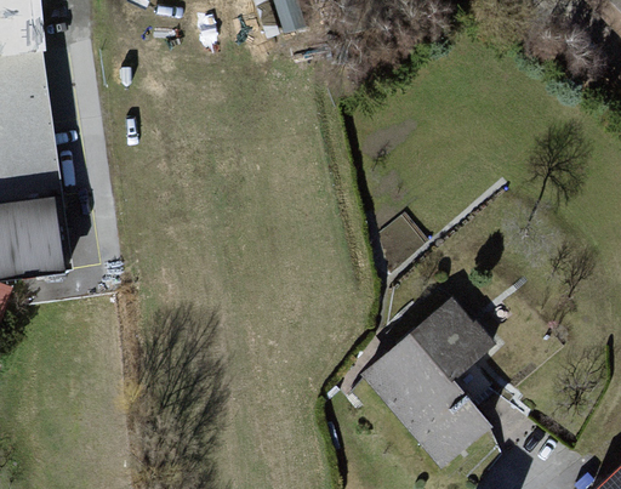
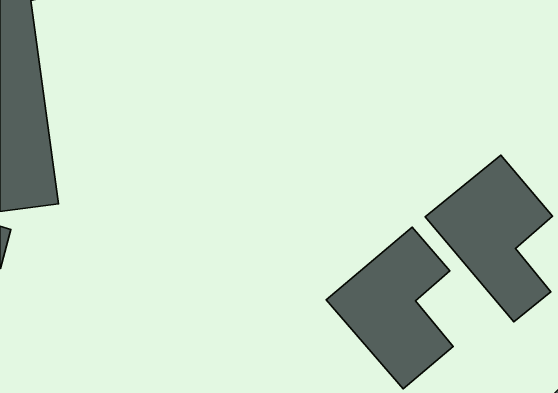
building: none -> [425,155,553,322]

